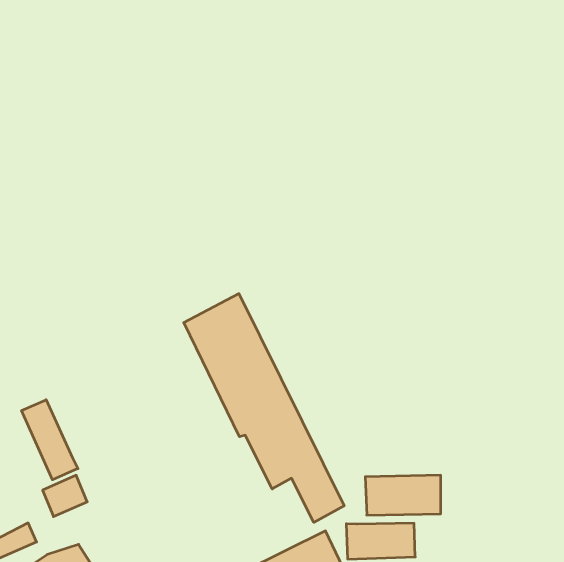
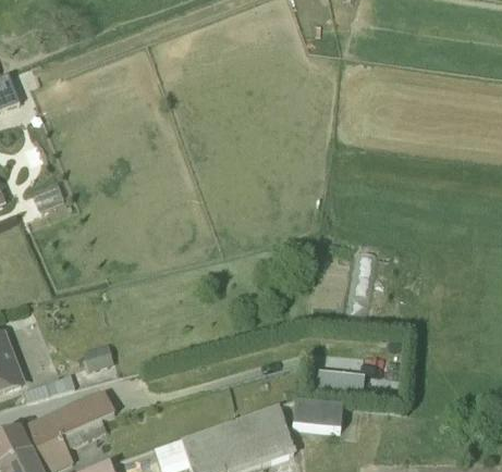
building: [184,294,344,522] -> none
building: [22,400,78,480] -> none

